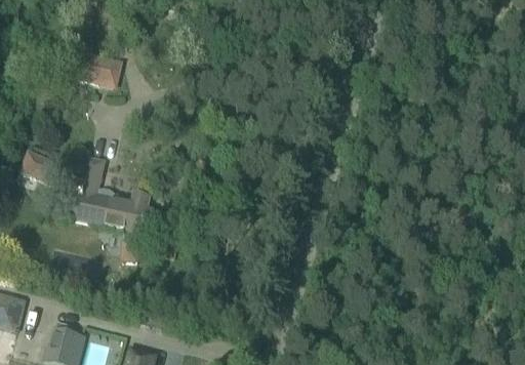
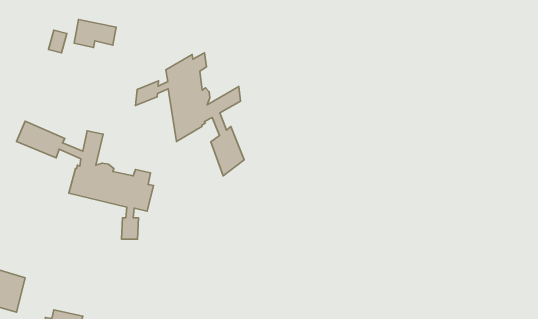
building: none -> [136,53,244,176]

